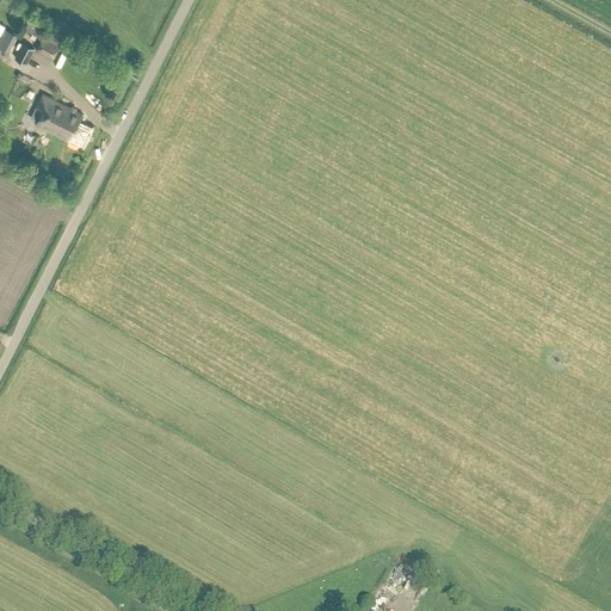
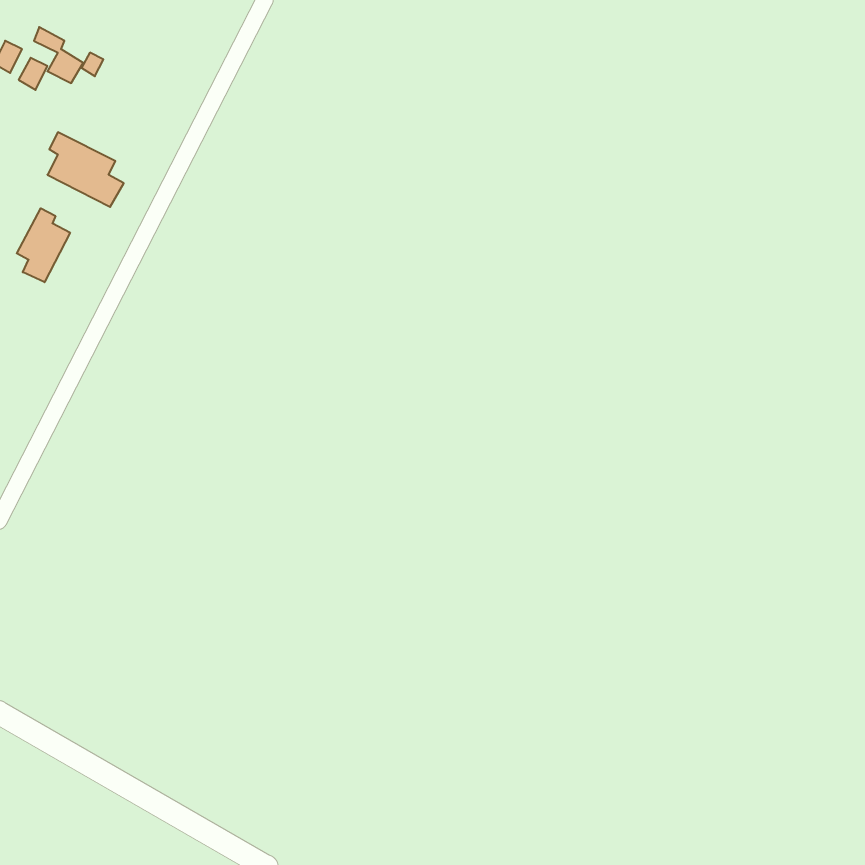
building: none -> [17,208,70,282]

